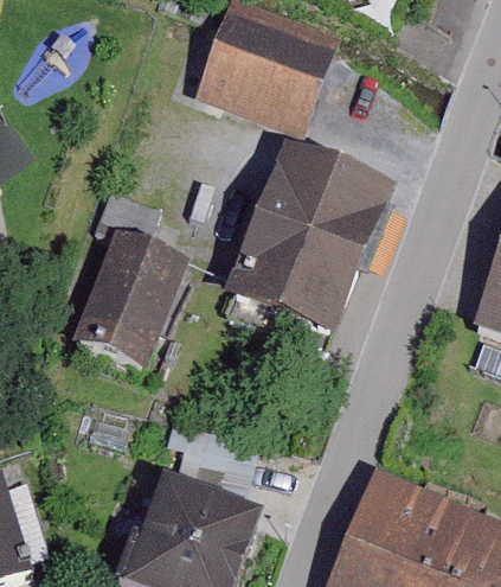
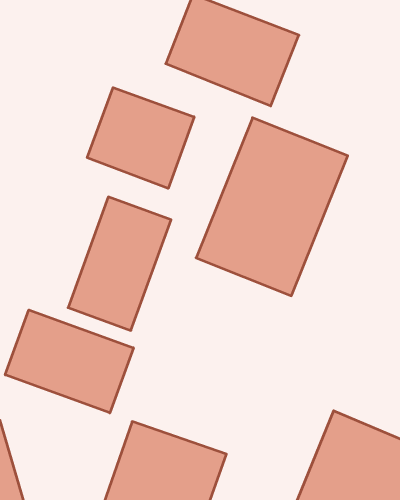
building: none -> [87,88,194,188]
building: none -> [5,310,133,413]

